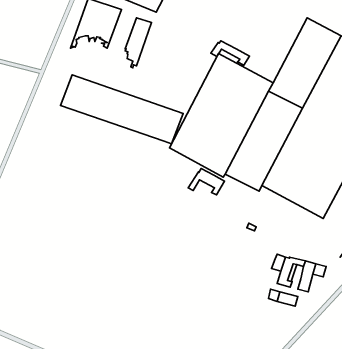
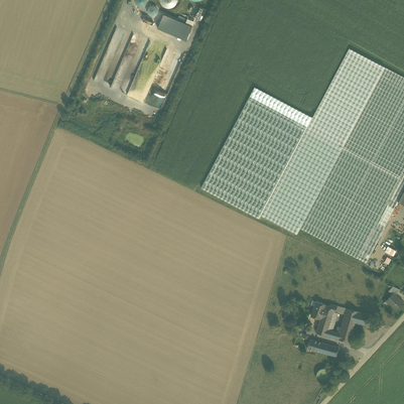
building: [211,41,249,65] -> none
building: [61,75,183,144] -> none
building: [188,169,224,195] -> none

